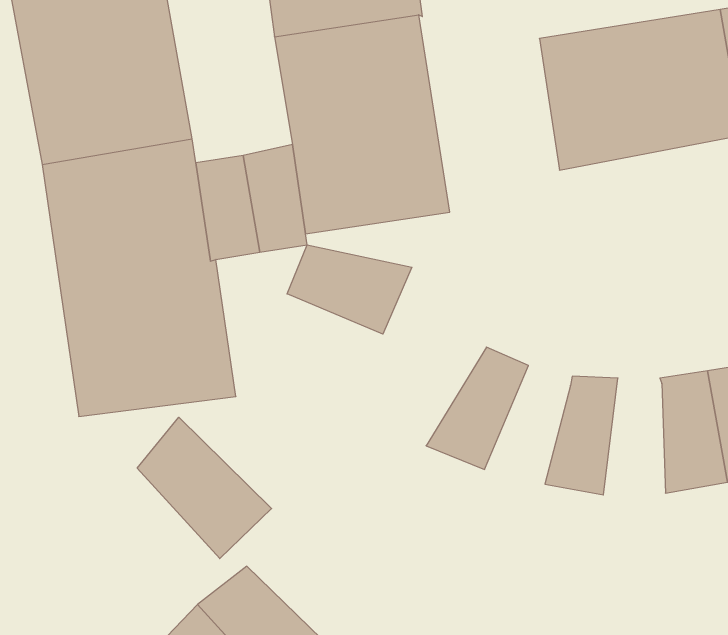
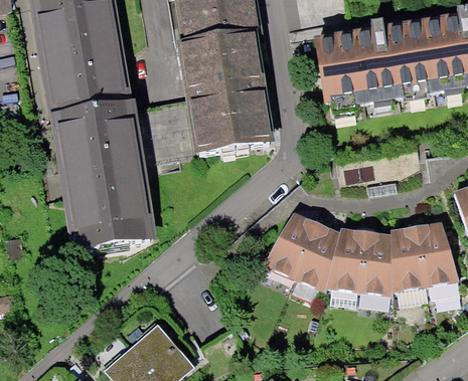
building: [287,245,412,334] -> none
building: none -> [292,220,339,292]
building: none -> [357,227,392,296]
building: [137,417,272,559] -> none

